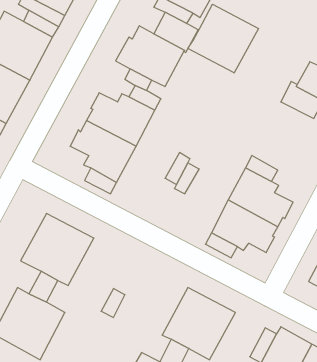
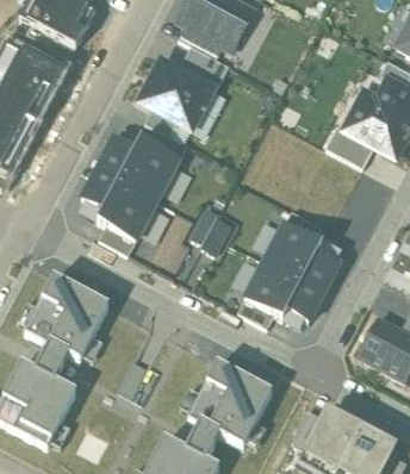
building: [188,4,259,73] -> none

